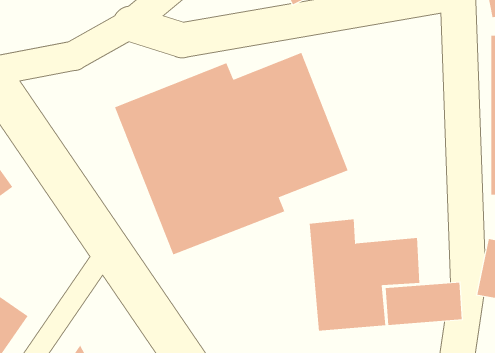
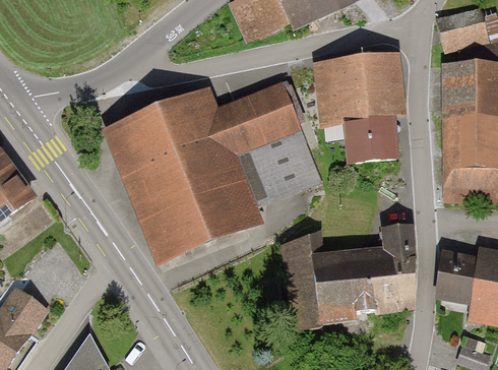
building: none -> [318,55,409,167]
building: none -> [378,217,417,281]

